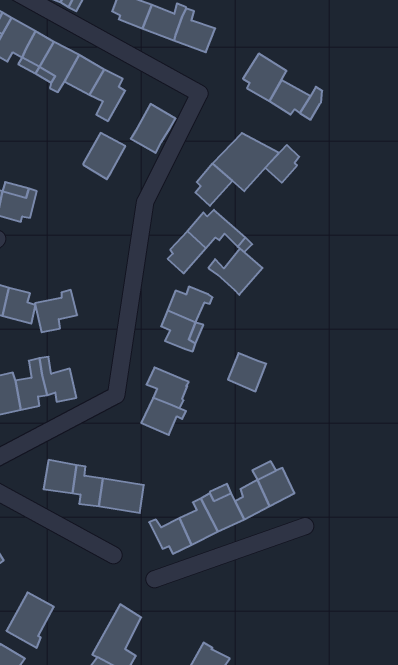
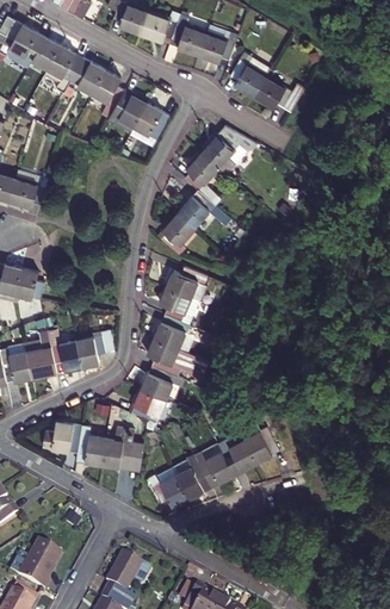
building: none -> [198,33,235,63]
building: [83,133,125,179] -> [110,89,148,131]
building: [265,145,299,183] -> none
building: [209,249,263,295] -> none
building: [35,290,77,332] -> [75,328,113,366]
building: [228,353,266,391] -> [151,315,186,349]
building: none -> [129,389,165,421]

